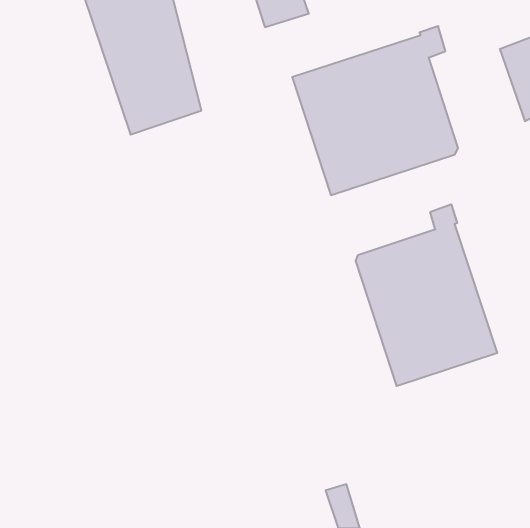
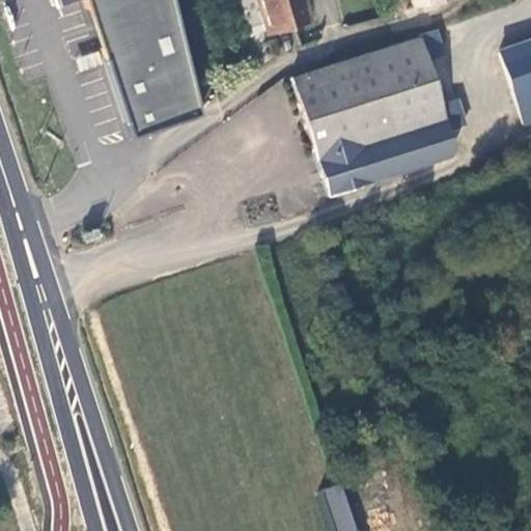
building: [356,204,497,386] -> none

